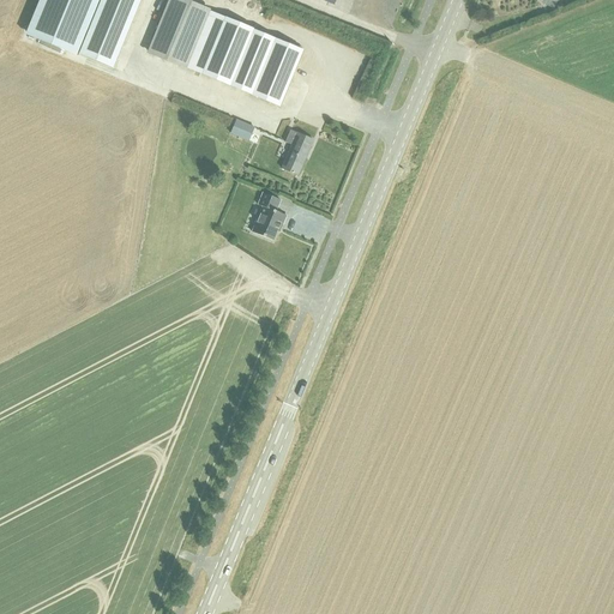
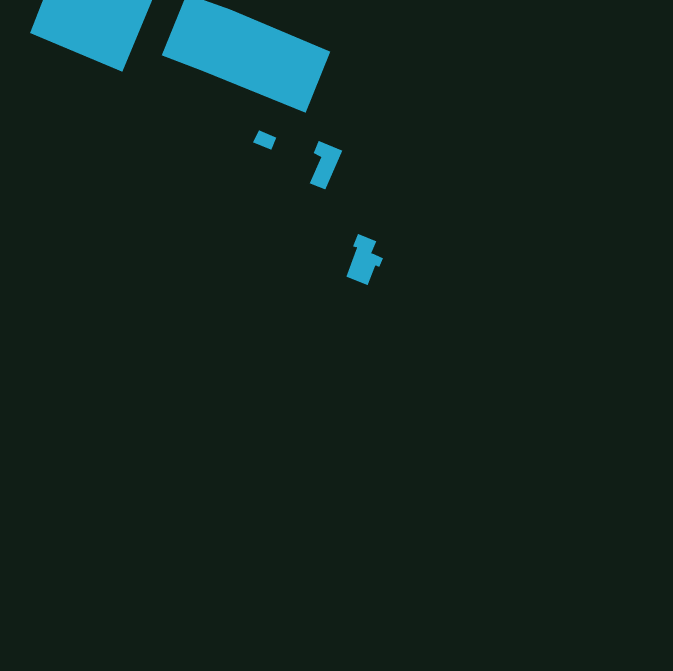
building: [251,189,285,237] -> [346,233,384,286]

